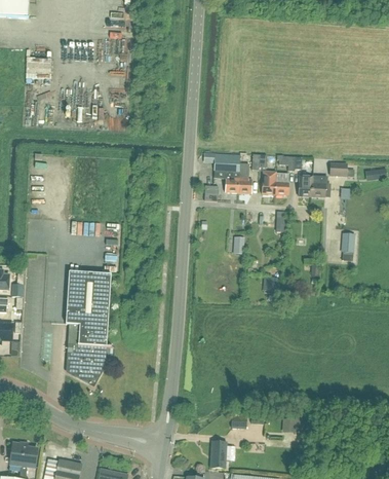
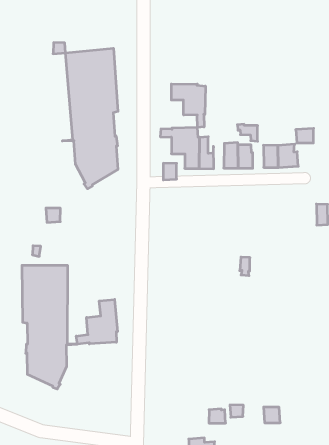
building: none -> [62,48,118,189]
building: none -> [171,84,205,127]
building: none -> [76,299,117,344]

